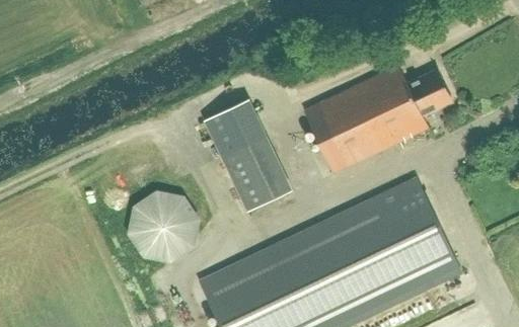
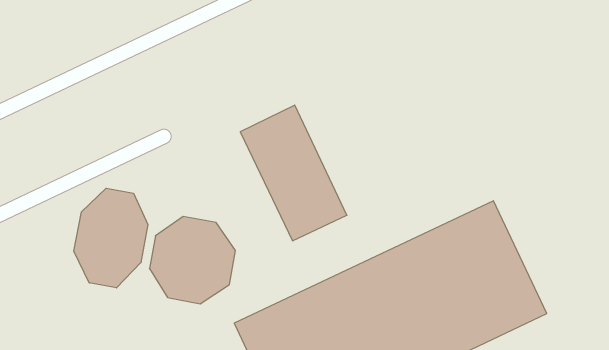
building: [303,65,451,172] -> none
building: none -> [74,188,148,288]

